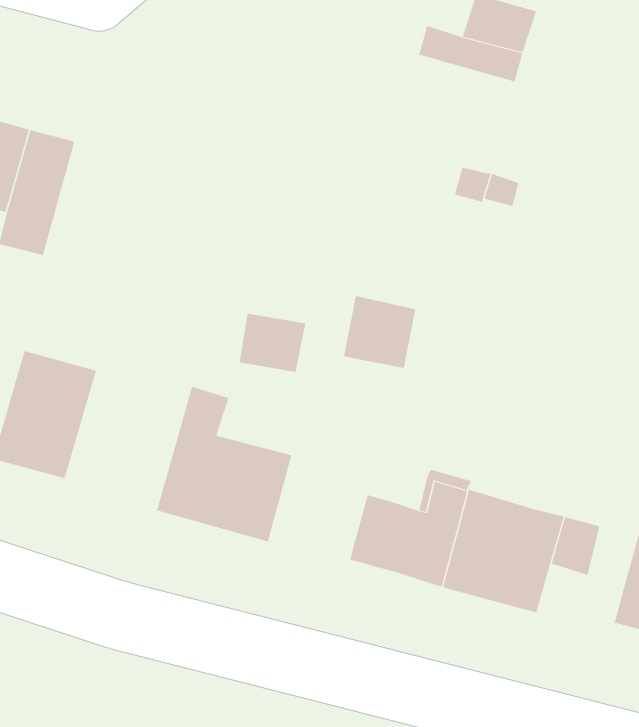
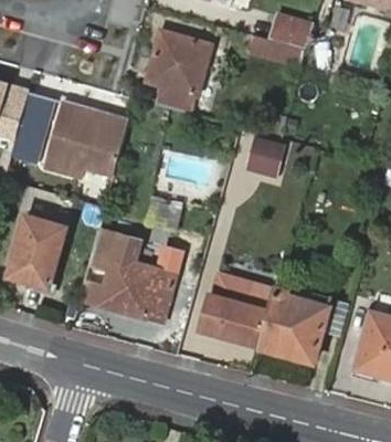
building: none -> [146,31,209,114]
building: none -> [42,101,127,176]
building: [343,295,416,368] -> [244,136,285,177]

